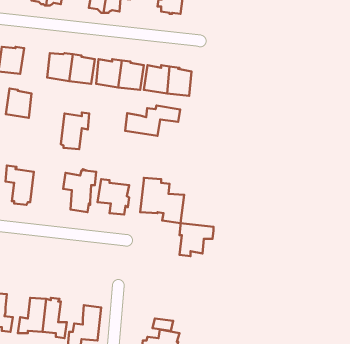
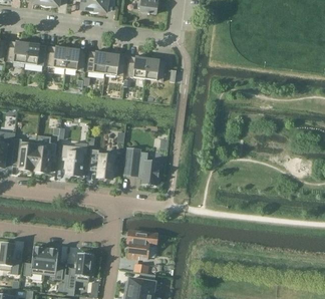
building: [6,88,31,118] -> [25,41,46,65]
building: [125,106,180,136] -> none
building: [61,112,89,149] -> [33,141,56,172]
building: [179,223,214,256] -> [128,231,156,258]

